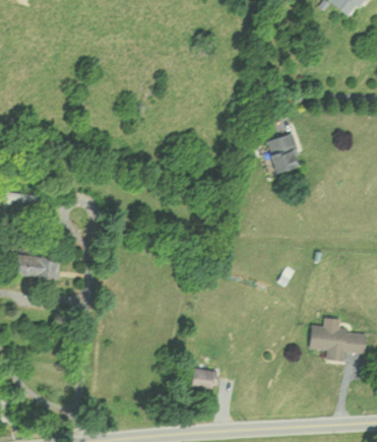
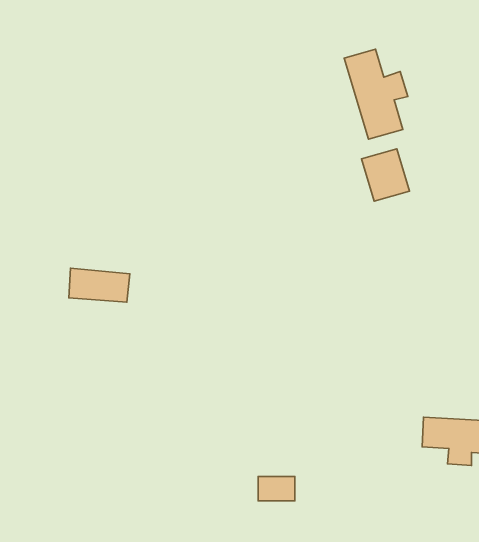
building: none -> [344,49,408,139]
building: [14,253,58,277] -> [69,268,130,302]

